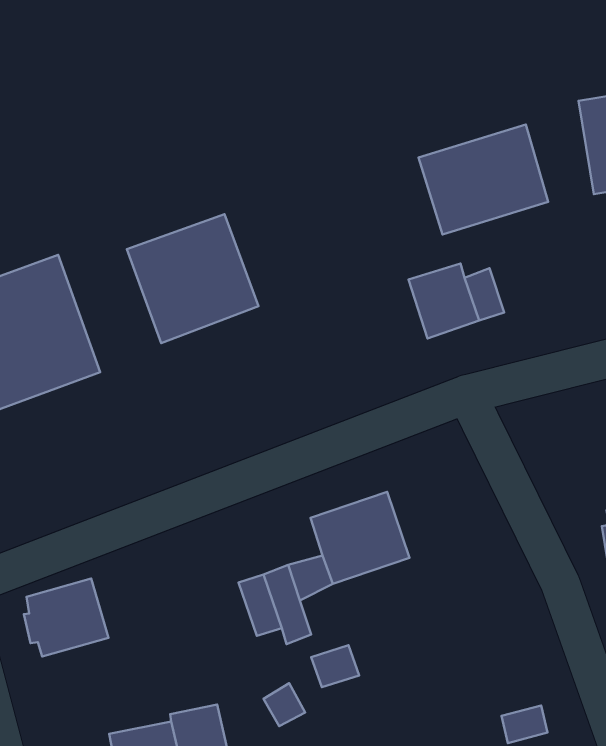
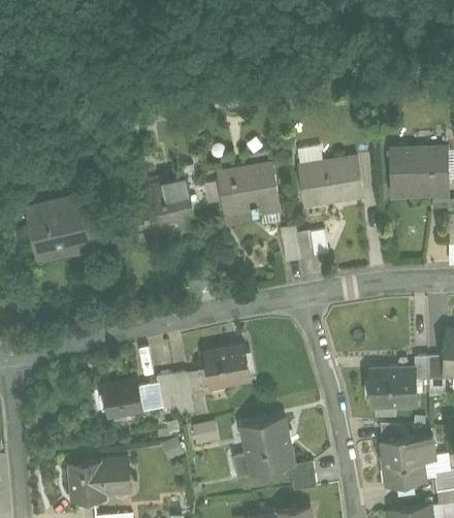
building: none -> [213,158,279,222]
building: [24,579,109,656] -> [101,380,145,418]
building: none -> [238,417,294,477]

